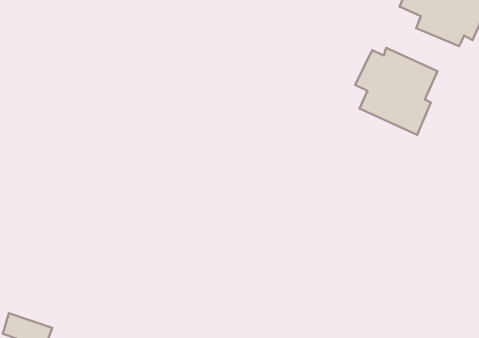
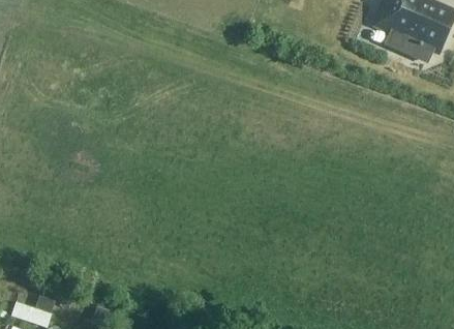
building: [355,48,438,135] -> none

